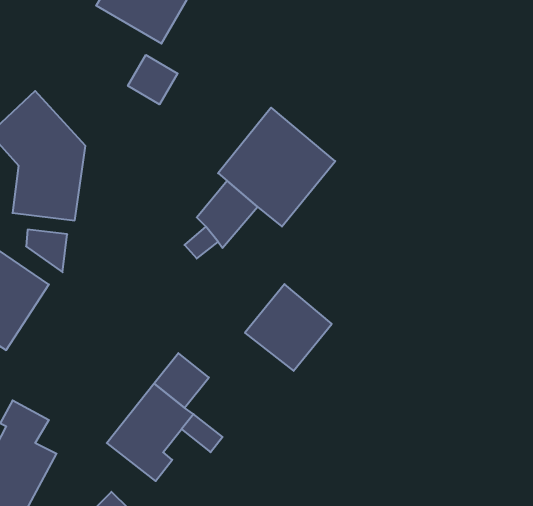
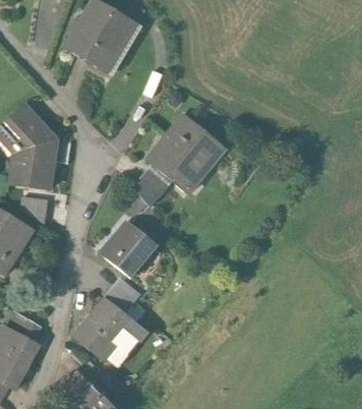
building: [128,55,178,104] -> none
building: [245,284,332,371] -> [100,219,158,277]

